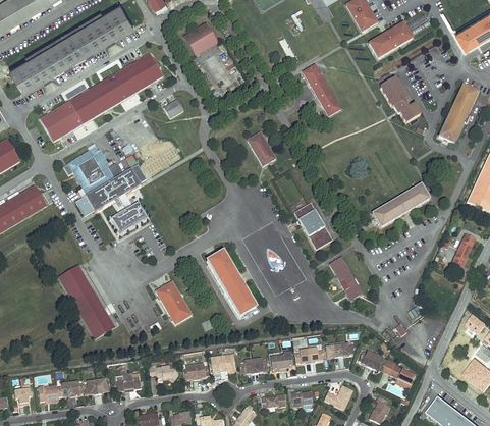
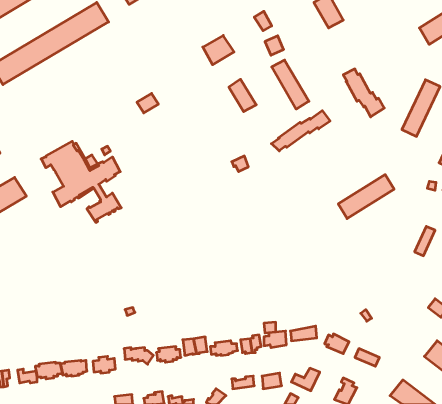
building: [369,22,413,58] -> none
building: [185,23,218,54] -> [203,35,234,65]
building: [40,54,163,141] -> none
building: none -> [271,111,330,151]
building: [248,131,276,165] -> [229,79,256,112]
building: [296,203,333,247] -> none
building: [206,252,255,317] -> none
building: [330,256,365,299] -> none
building: [57,265,116,340] -> none
building: [155,282,192,325] -> none

